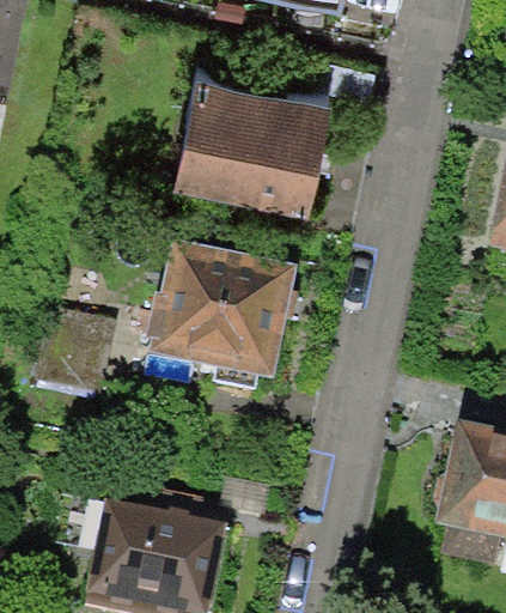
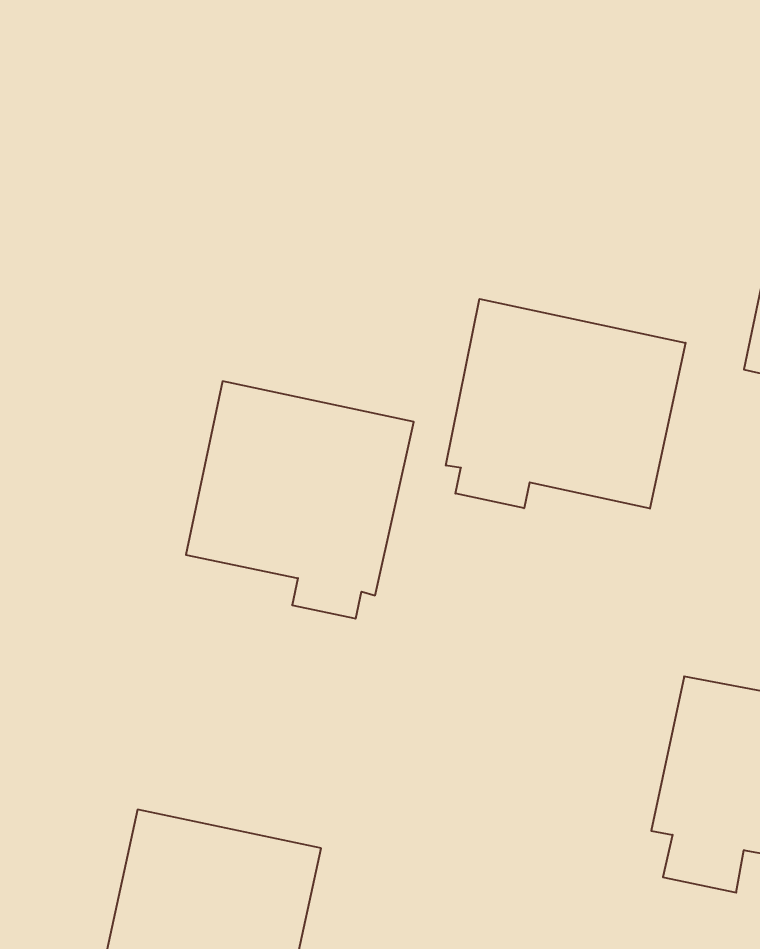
building: [175,69,323,188] -> none
building: none -> [446,299,686,509]

